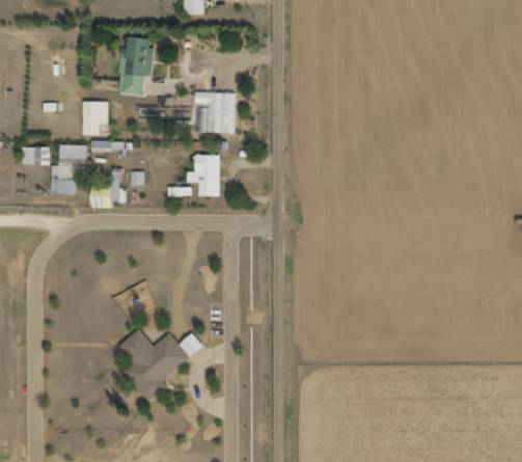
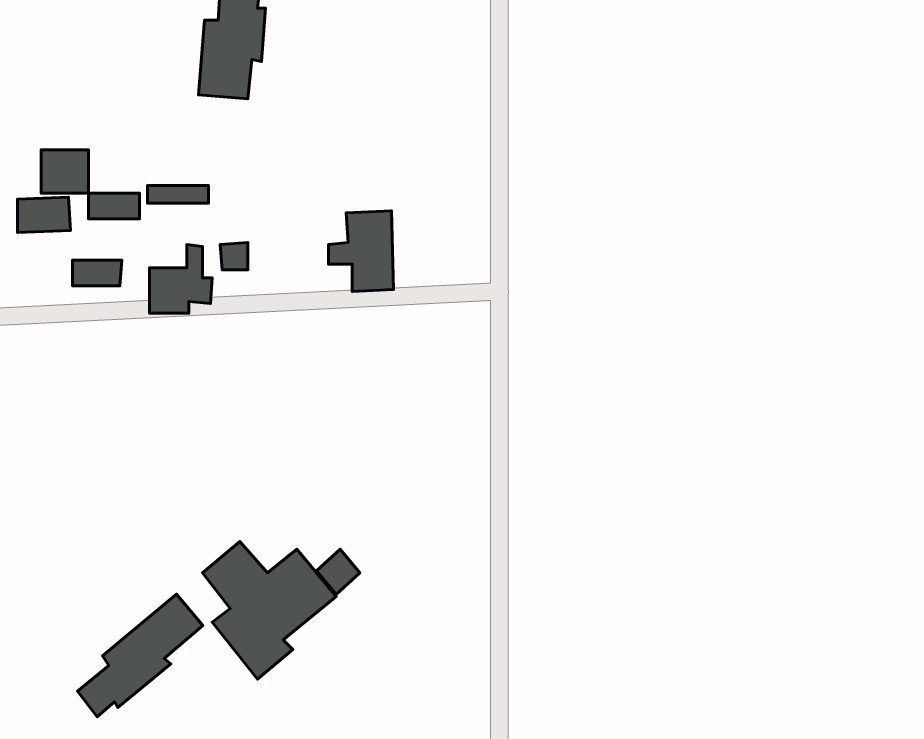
building: [200,92,233,131] -> none
building: [82,101,107,124] -> [41,150,88,193]
building: none -> [77,594,203,717]

